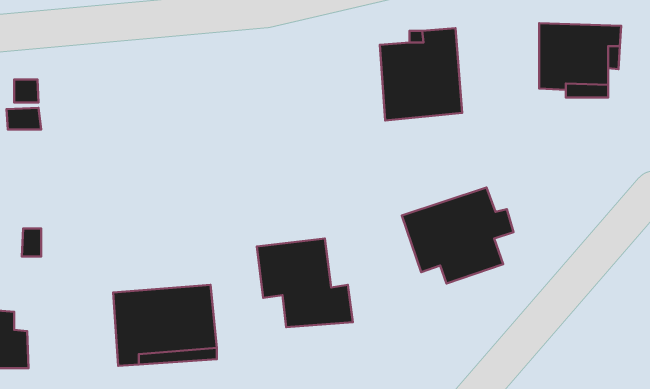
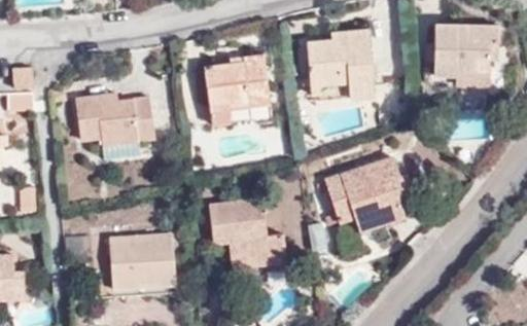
building: none -> [205,53,273,125]
building: none -> [76,93,155,159]

